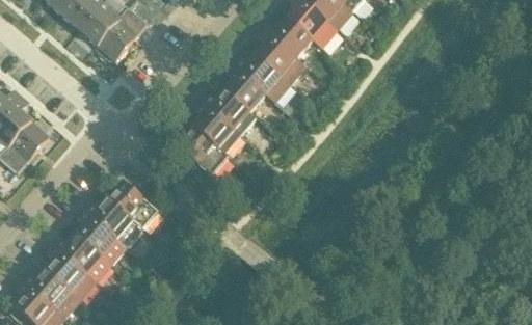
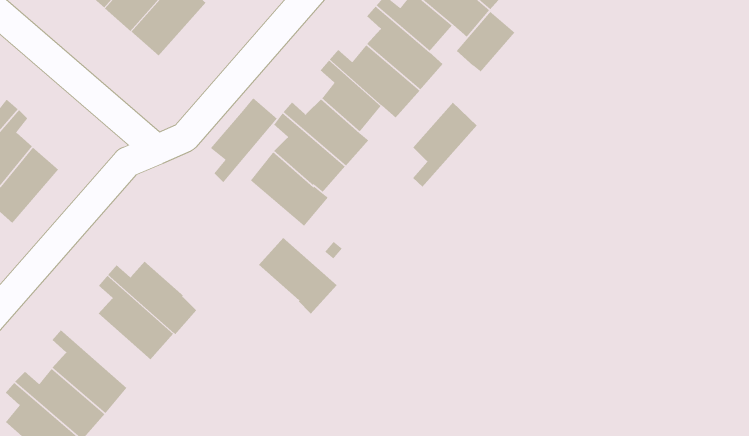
building: none -> [456,11,515,72]
building: none -> [210,97,278,183]
building: none -> [412,102,477,187]
building: [106,181,159,233] -> [258,237,337,314]
building: [50,235,110,285] -> none

